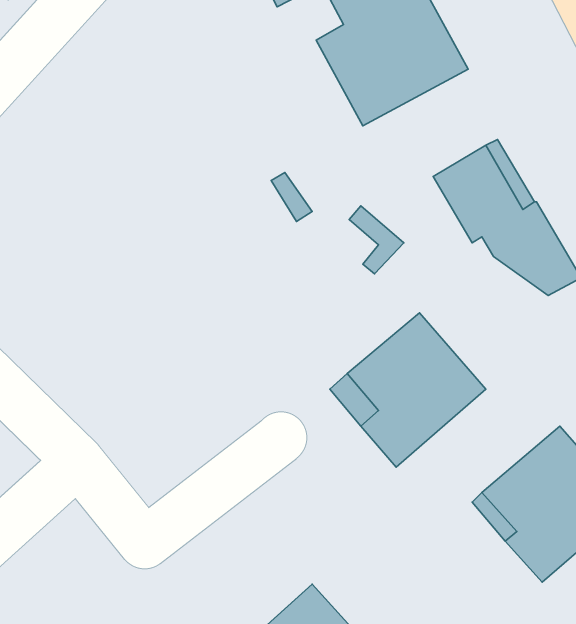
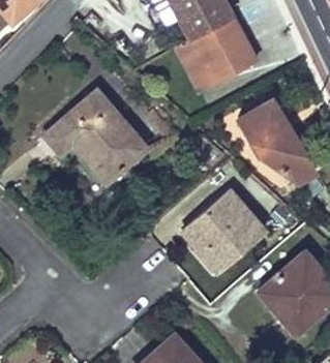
building: none -> [44,90,147,182]

